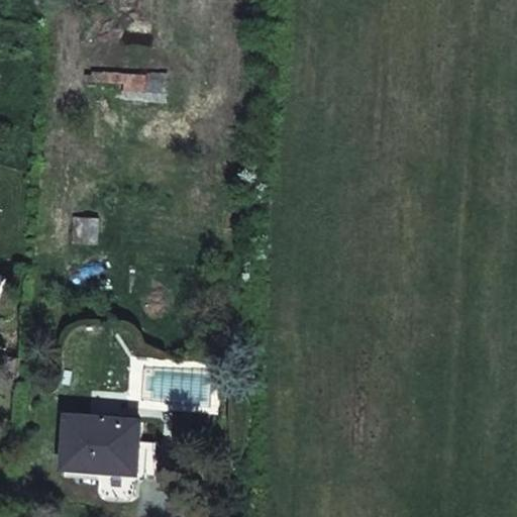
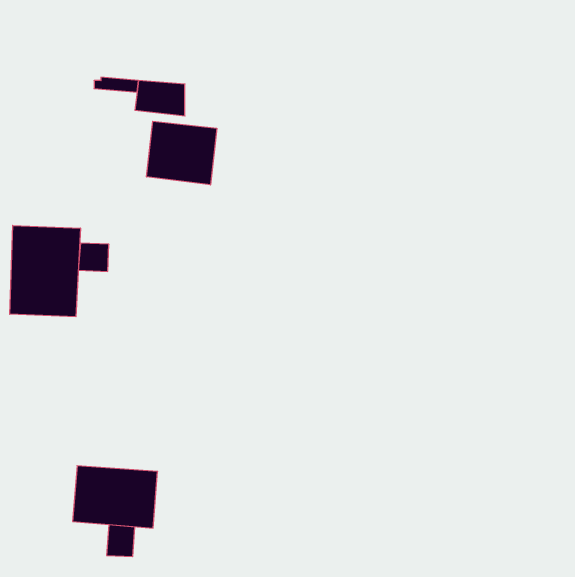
building: none -> [147,121,217,185]
building: none -> [10,225,80,317]

